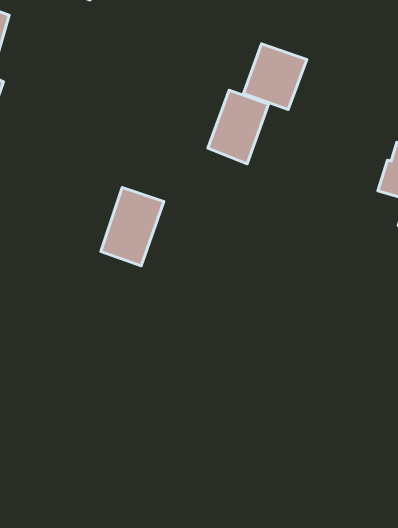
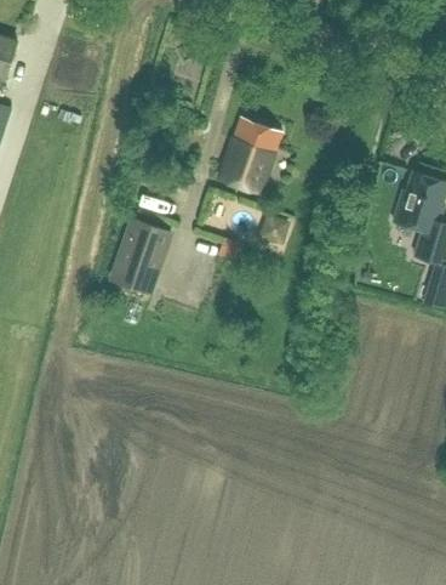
building: [244,44,307,110] -> none

